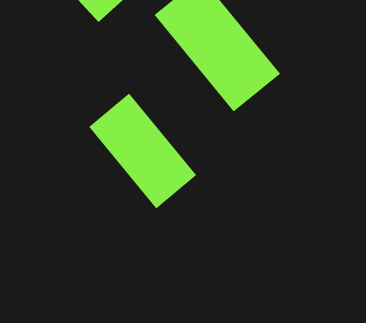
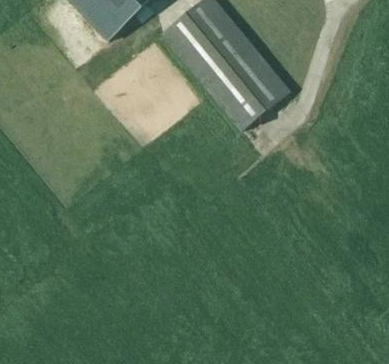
building: [88,93,197,210] -> none

